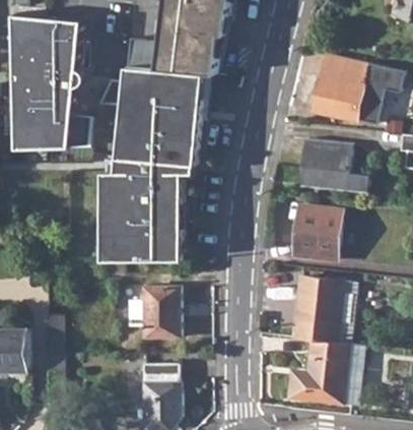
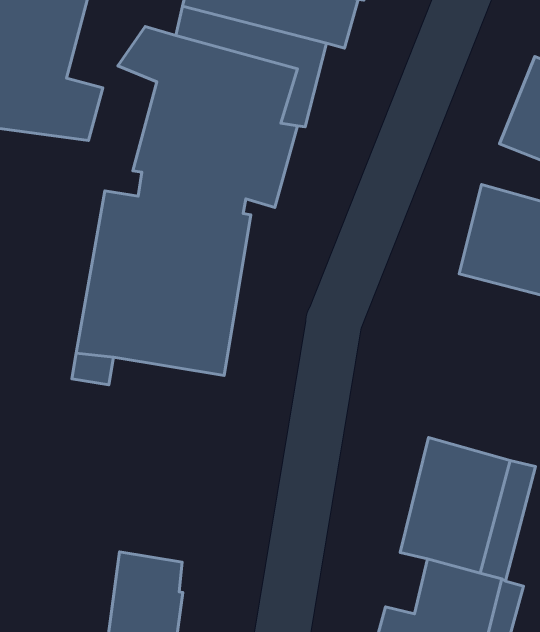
building: [292,203,340,262] -> none
building: [142,286,181,337] -> none

